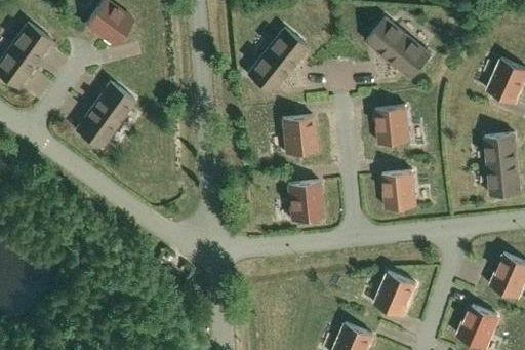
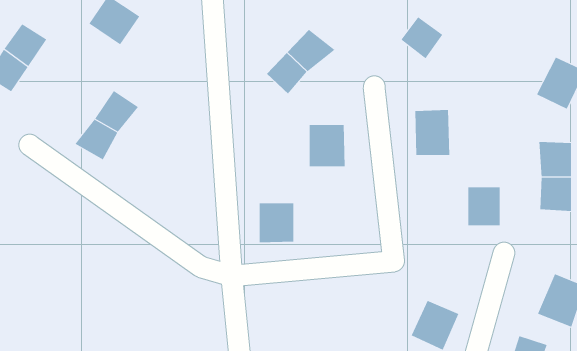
building: [388,36,428,72] -> none
building: [376,179,406,213] -> [467,187,501,226]
building: [290,183,322,219] -> [259,203,294,243]

